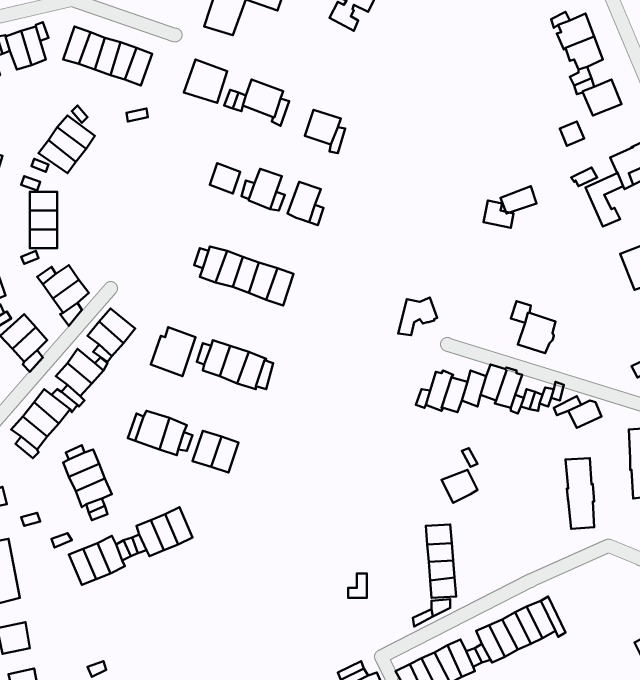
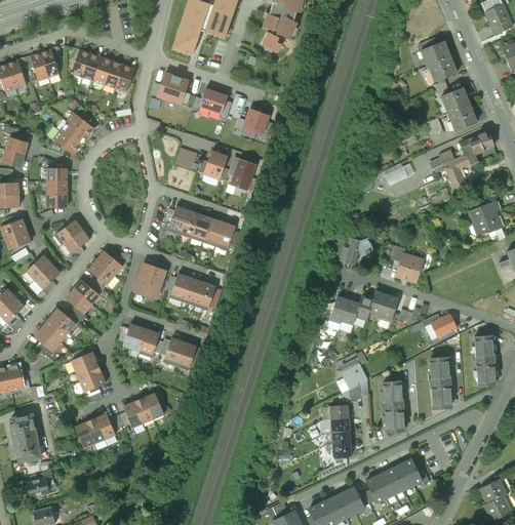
building: none -> [447,105,476,130]
building: [398,298,437,335] -> [345,237,372,264]
building: none -> [383,380,403,431]

